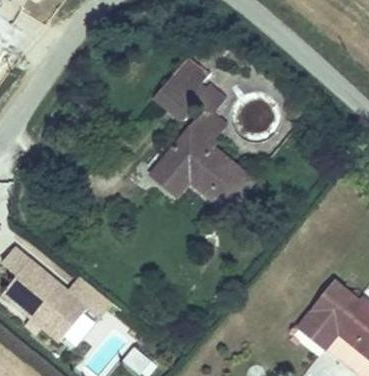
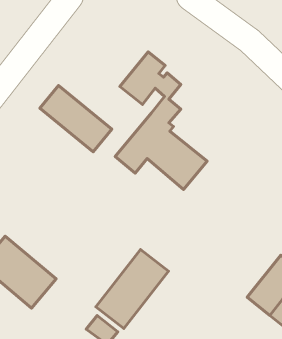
building: none -> [40,85,112,152]
building: none -> [96,249,168,328]

